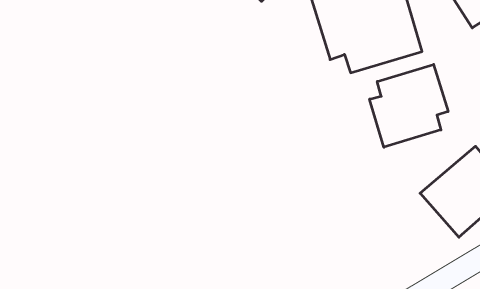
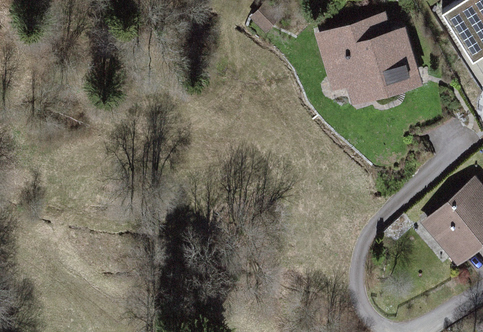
building: [370,64,448,147] -> none

